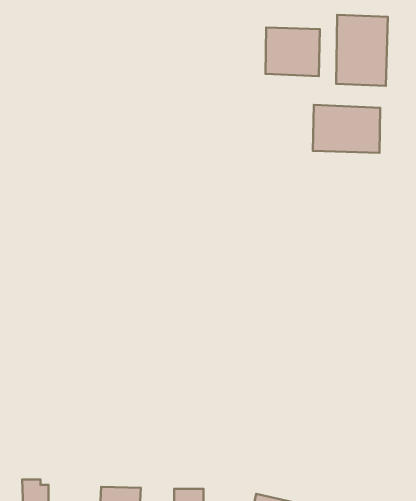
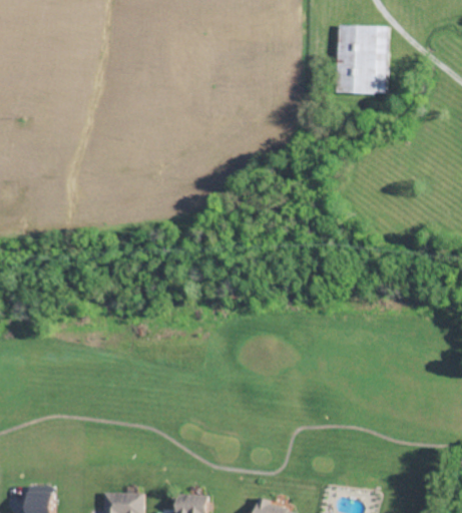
building: [265,27,320,76] -> none
building: [313,105,380,153] -> none

